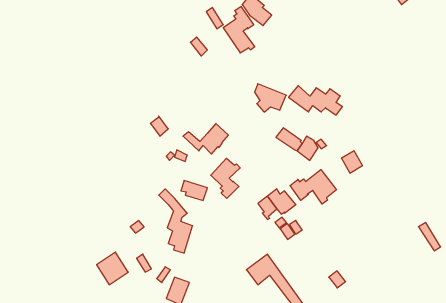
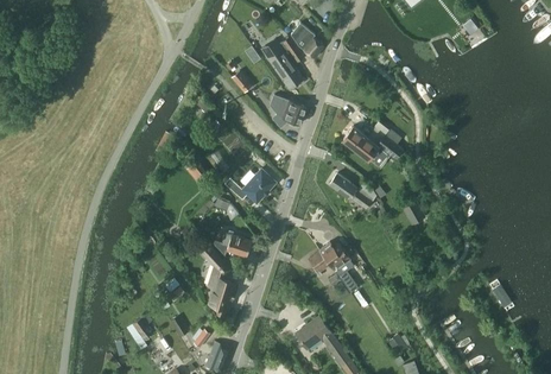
building: [255,84,286,112] -> [271,95,306,127]
building: [211,158,240,198] -> none
building: [290,170,336,204] -> none

